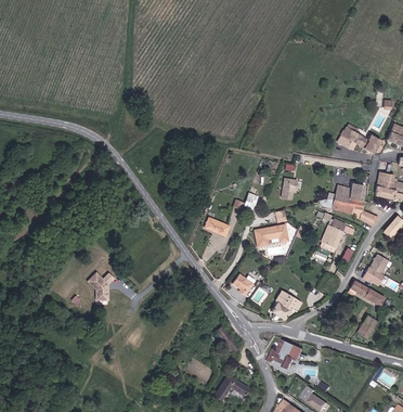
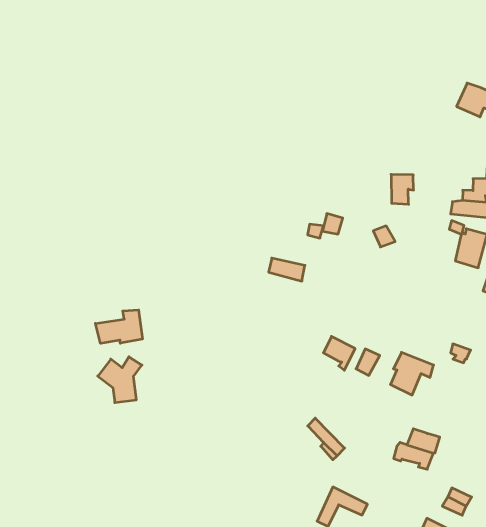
building: [251,226,286,248] -> none
building: none -> [95,310,142,343]

